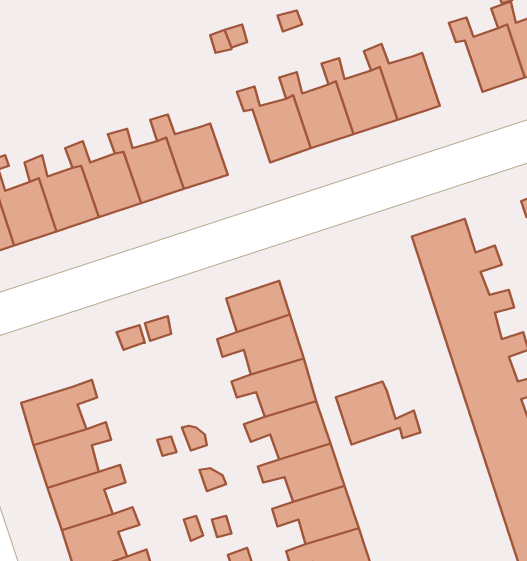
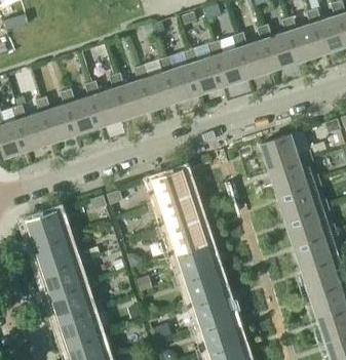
building: none -> [258,26,302,69]
building: none -> [134,66,179,109]
building: none -> [27,212,64,241]
building: [336,382,421,445] -> none

